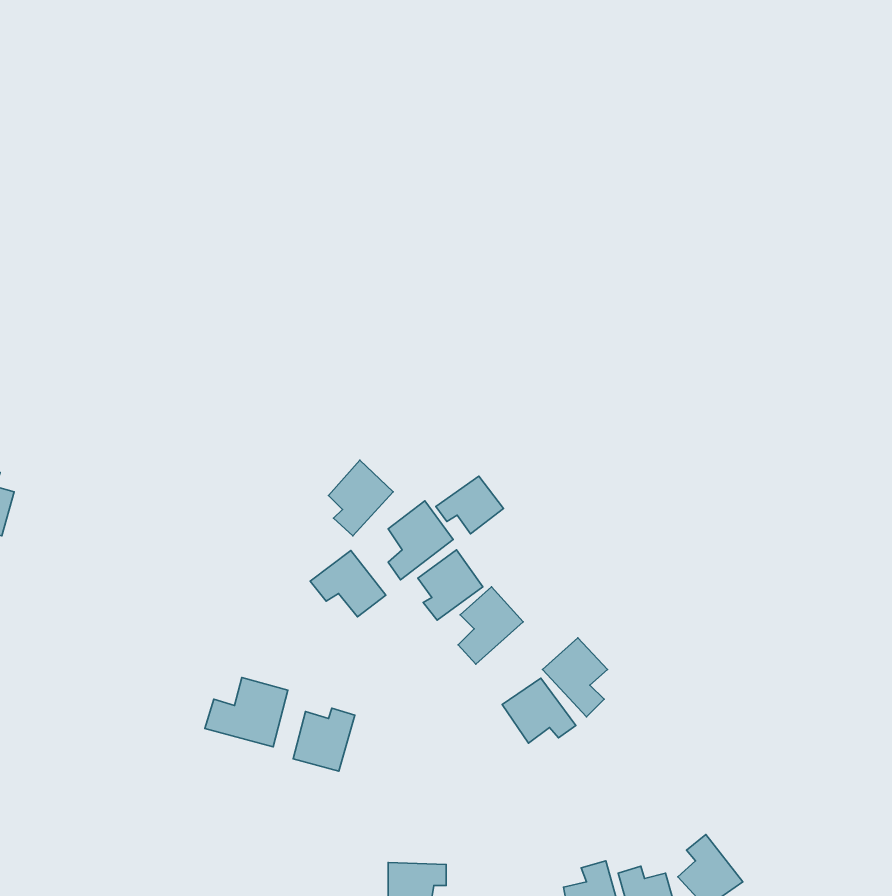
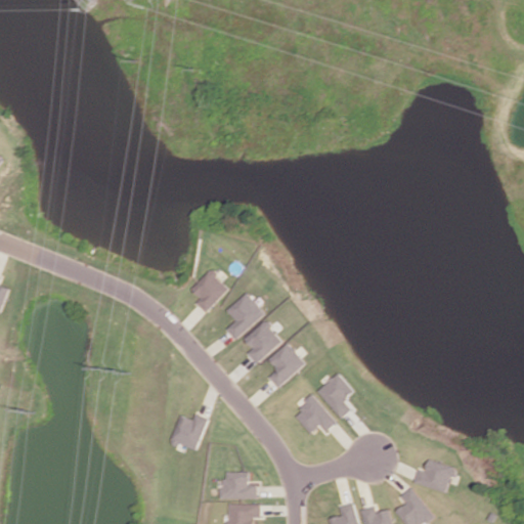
building: [436,476,504,534] -> none
building: [310,551,386,617] -> none
building: [205,677,288,747] -> none
building: none -> [413,458,454,493]
building: none -> [221,472,257,498]

